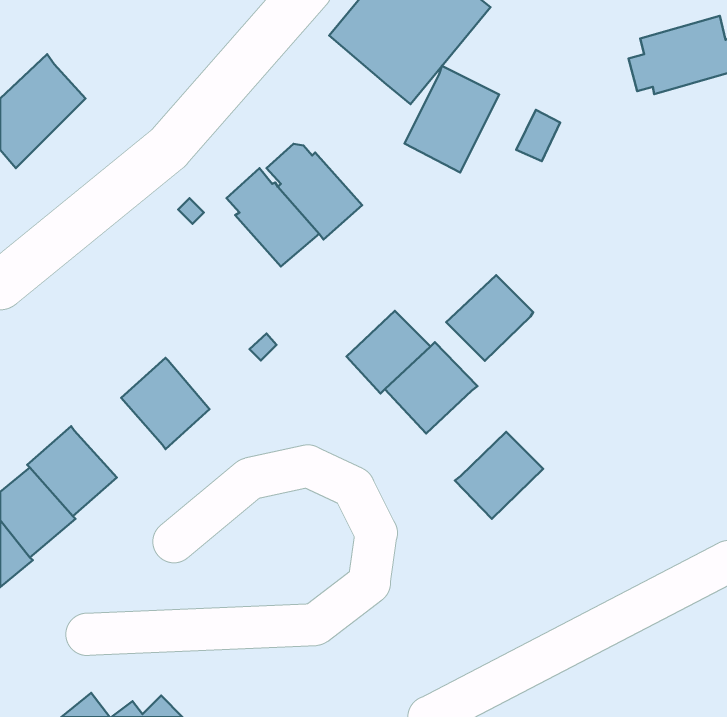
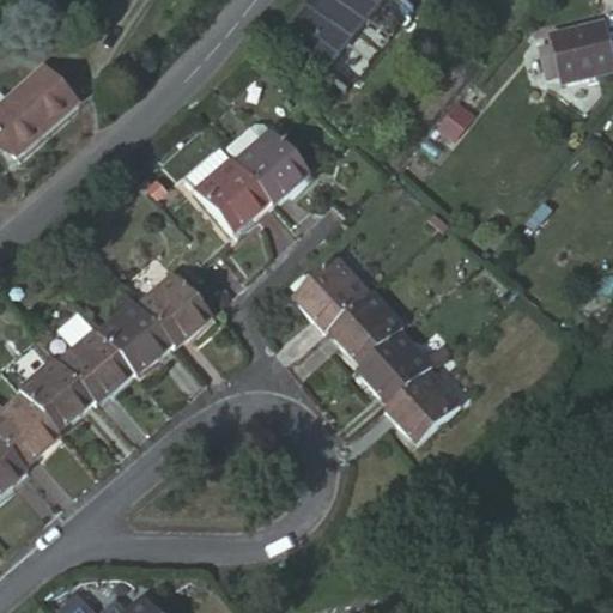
building: [404,66,499,173] -> none
building: [446,275,533,361] -> [356,328,429,400]
building: none -> [142,275,213,346]
building: none -> [63,329,138,405]

